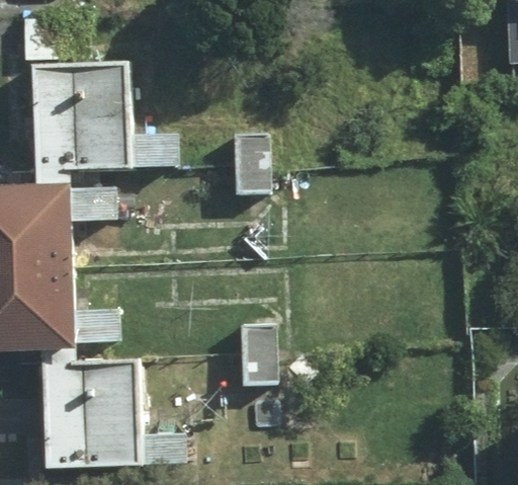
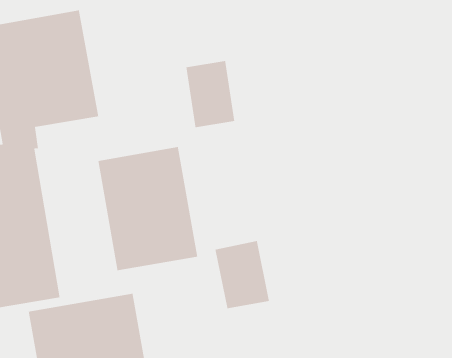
building: none -> [97,146,198,271]

